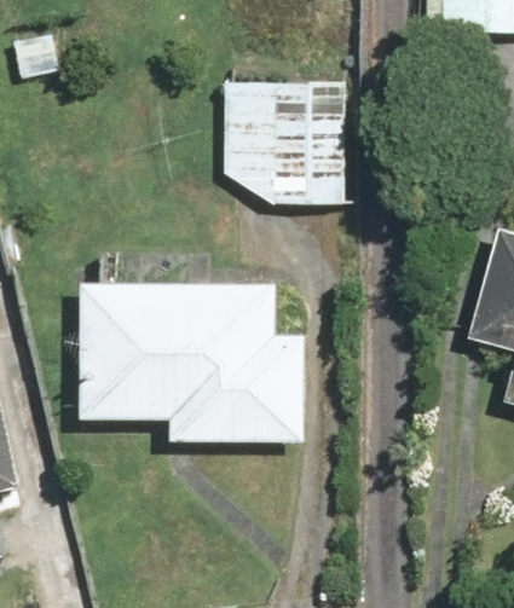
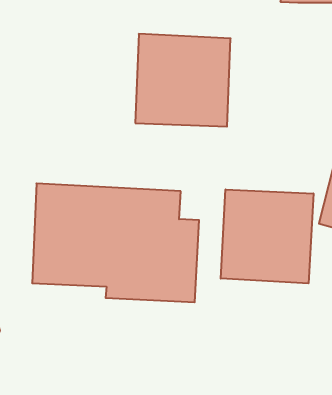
building: none -> [221,189,313,283]

